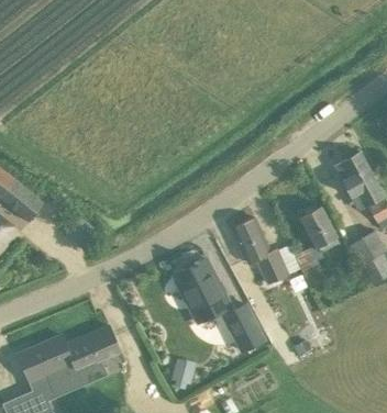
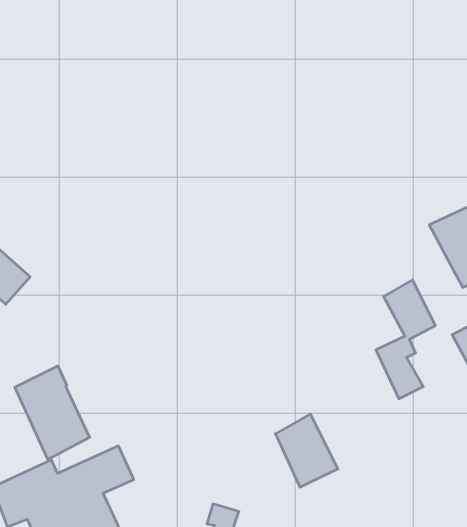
building: [231,217,288,284] -> none
building: [174,259,230,321] -> none
building: none -> [15,366,90,460]

